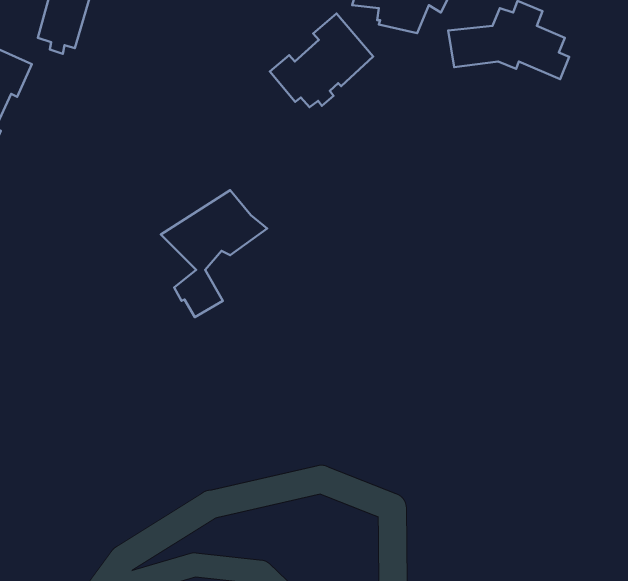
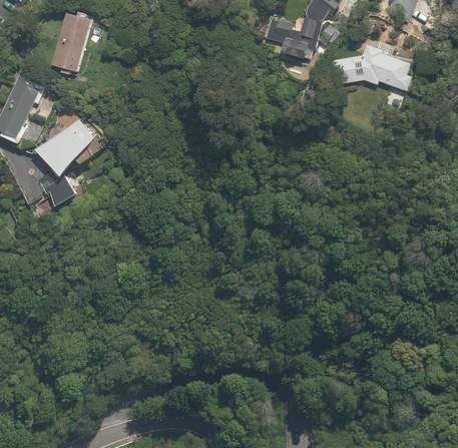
building: [270,14,373,107] -> none
building: [161,190,267,317] -> [33,119,105,205]

